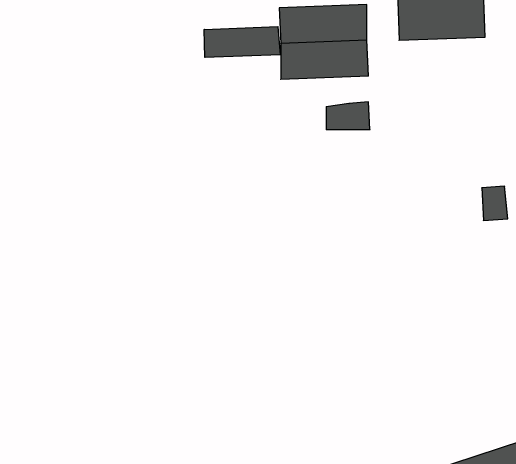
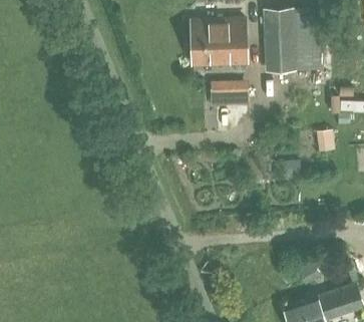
building: [204,27,280,57] -> none
building: none -> [265,39,319,71]

